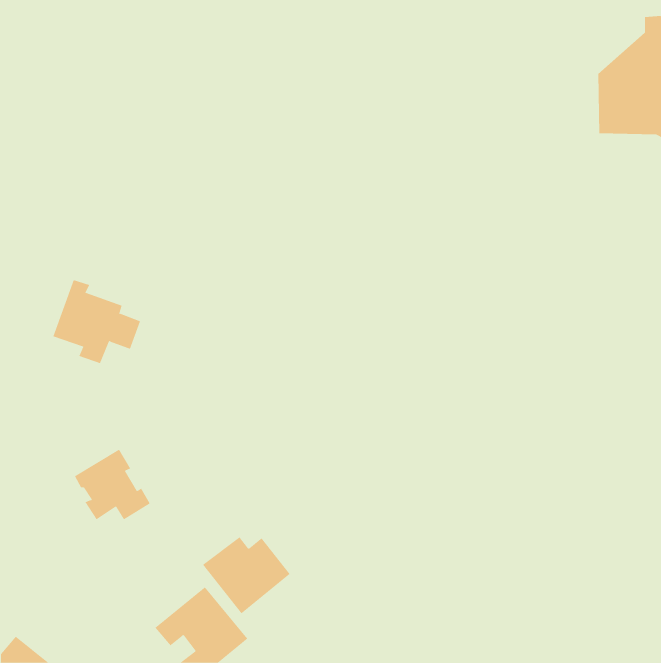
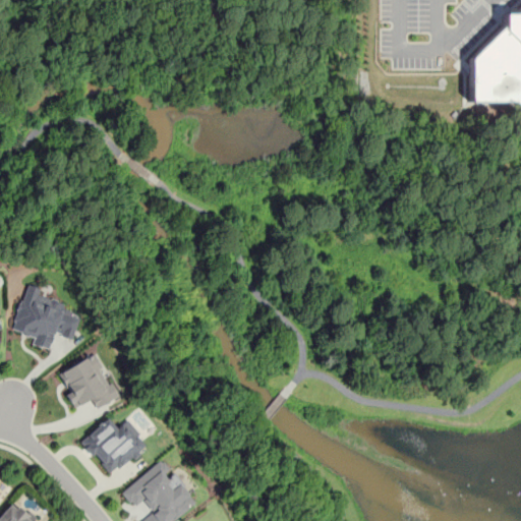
building: [53,279,141,364] -> [12,284,81,350]
building: [202,536,290,614] -> [79,417,149,478]

